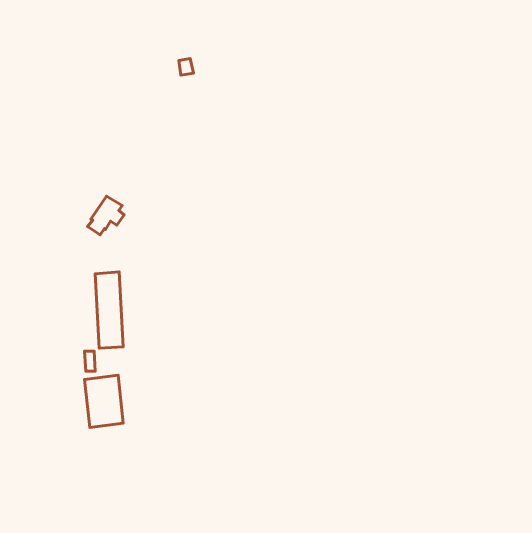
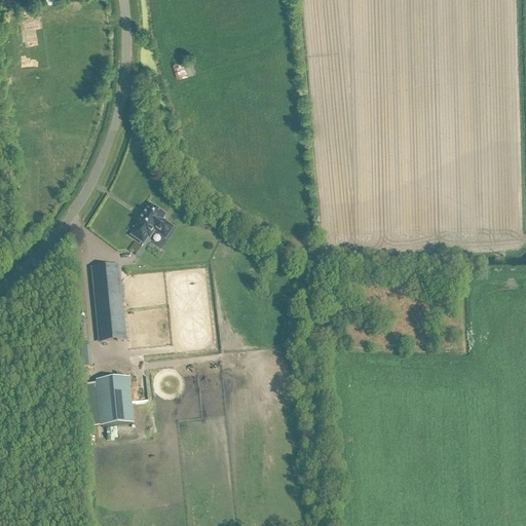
building: [88,196,124,235] -> [134,206,170,245]

